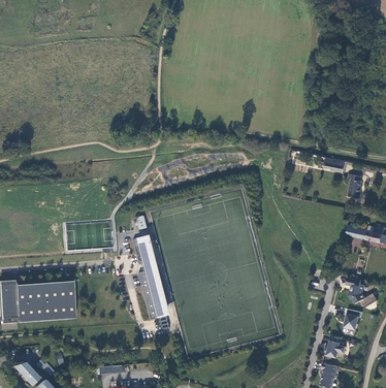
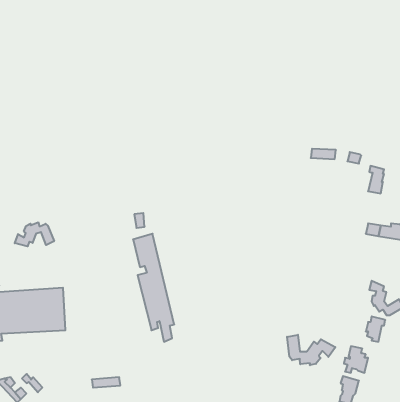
building: none -> [15,222,54,246]
building: none -> [287,335,335,365]

